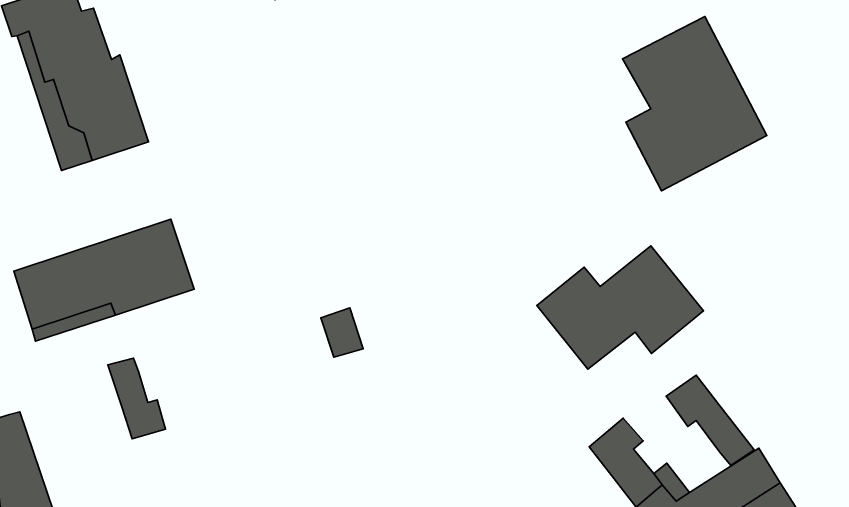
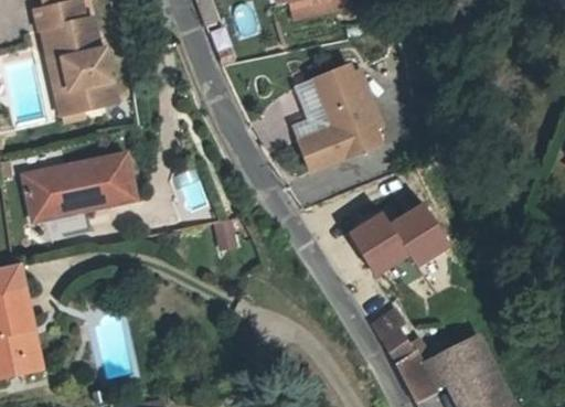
building: [623,17,767,191] -> [294,65,381,171]
building: [108,358,165,439] -> none
building: [666,375,754,465] -> none

